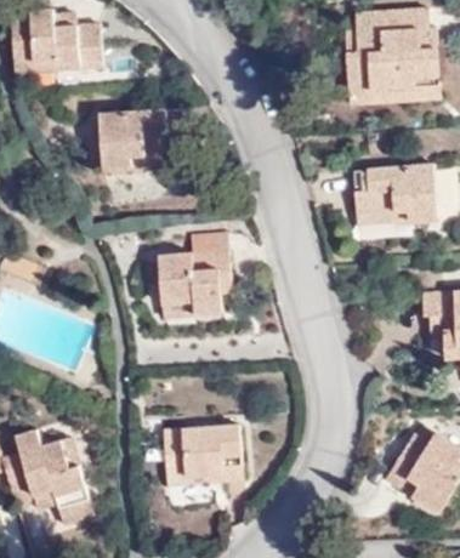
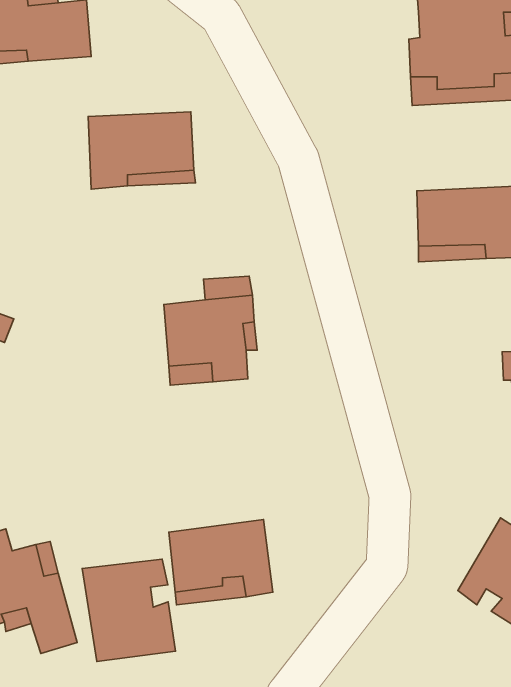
building: none -> [82,559,175,661]

